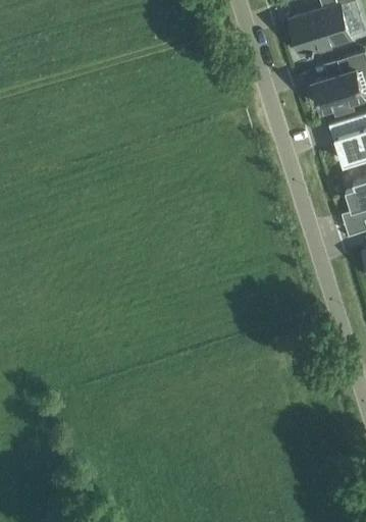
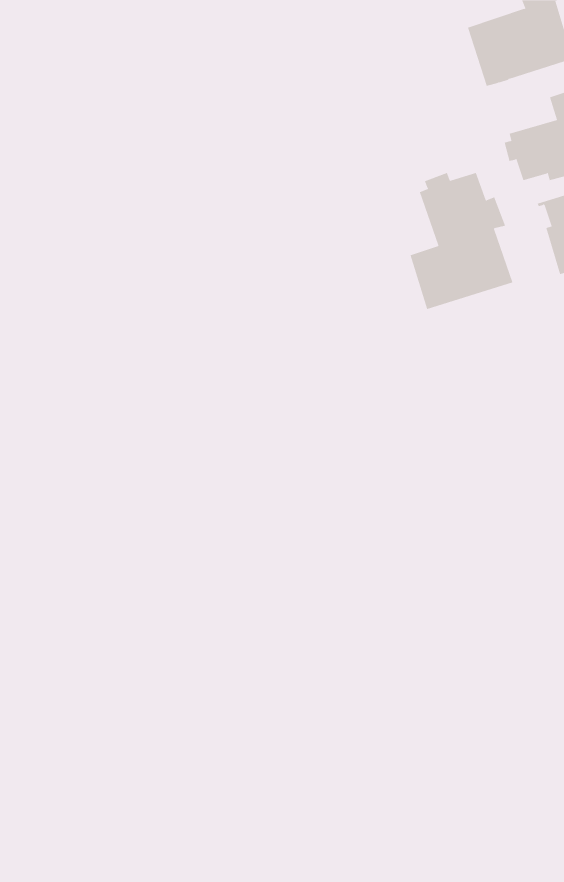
building: none -> [410,172,513,310]

